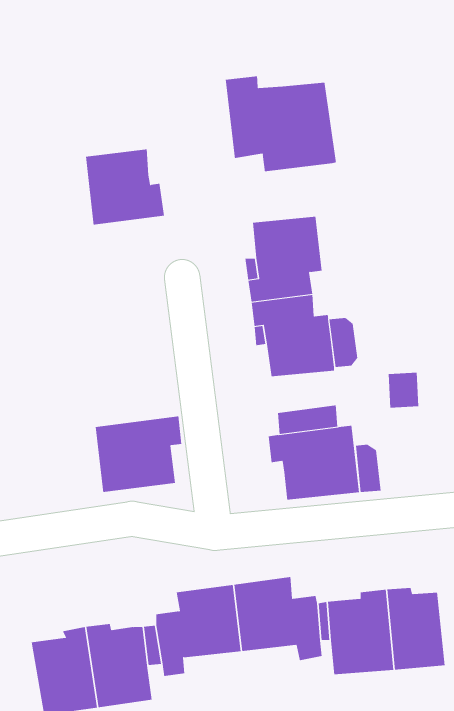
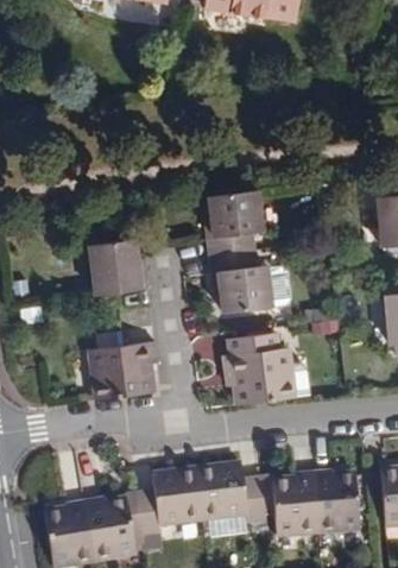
building: [225,75,337,172] -> none
building: [85,149,165,225] -> [88,236,149,295]

